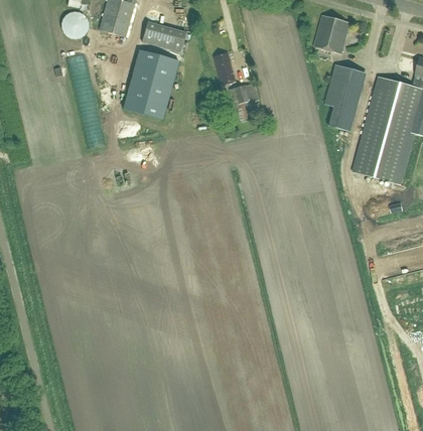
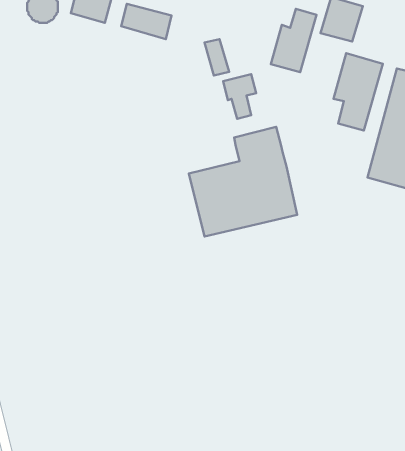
building: none -> [271,9,316,72]
building: [123,47,178,118] -> none
building: none -> [189,127,297,237]

